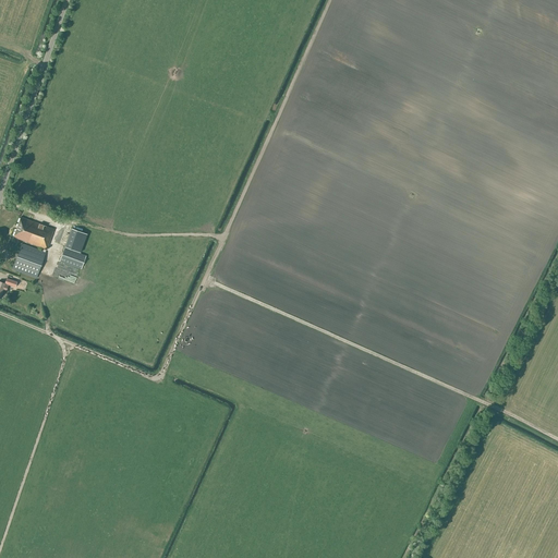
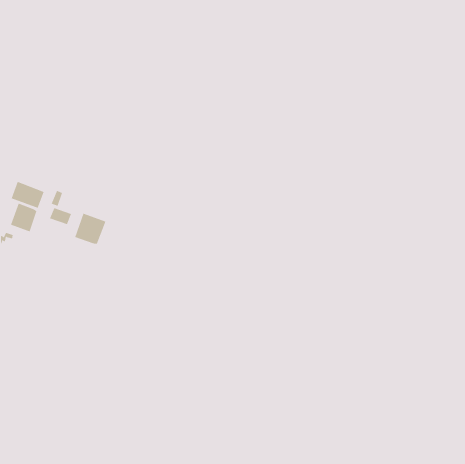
building: none -> [74,213,106,244]

